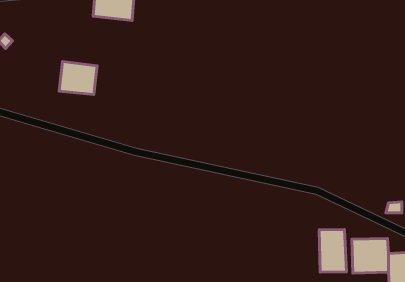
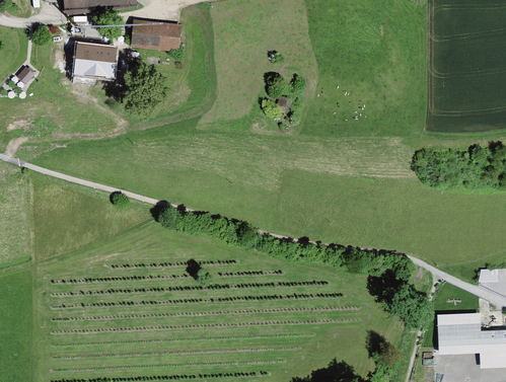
building: [59,61,97,95] -> [72,42,118,81]
building: [319,230,346,272] -> none

